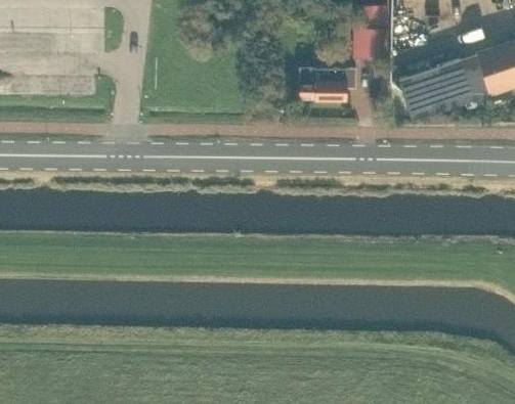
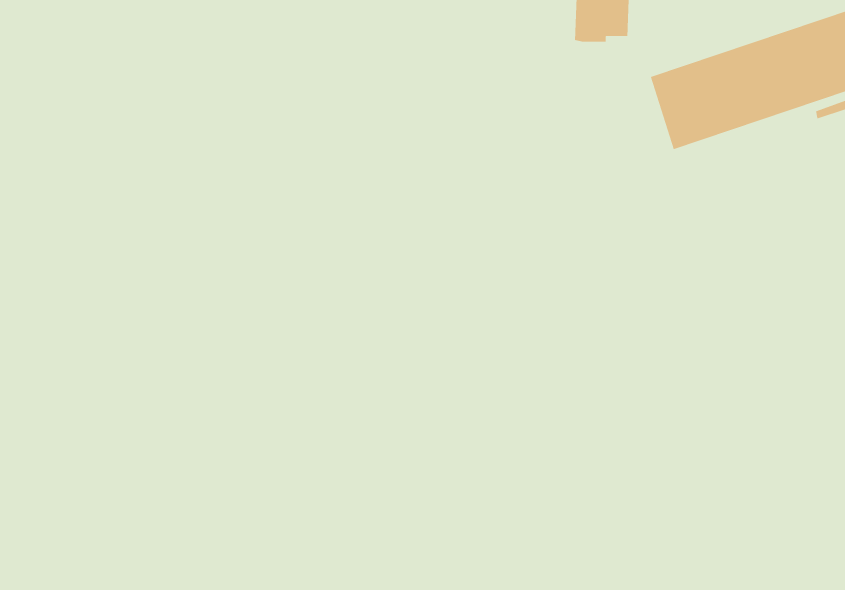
building: [300,69,355,100] -> none

